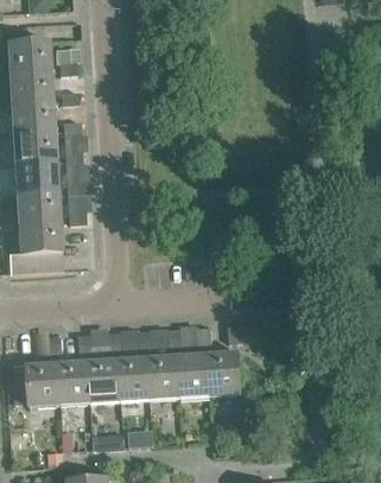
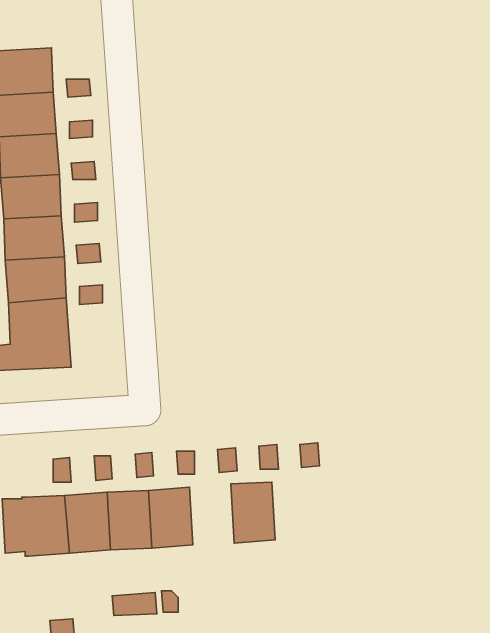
building: [208,350,242,394] -> none
building: [148,354,180,398] -> none

